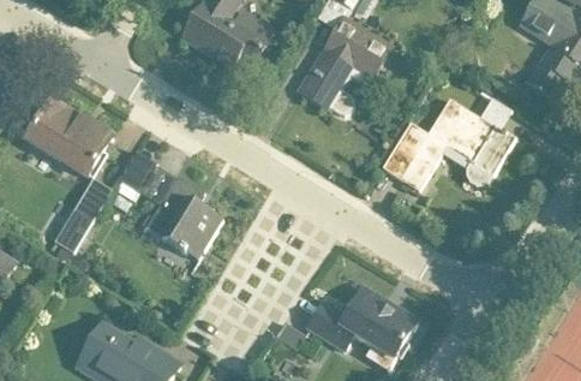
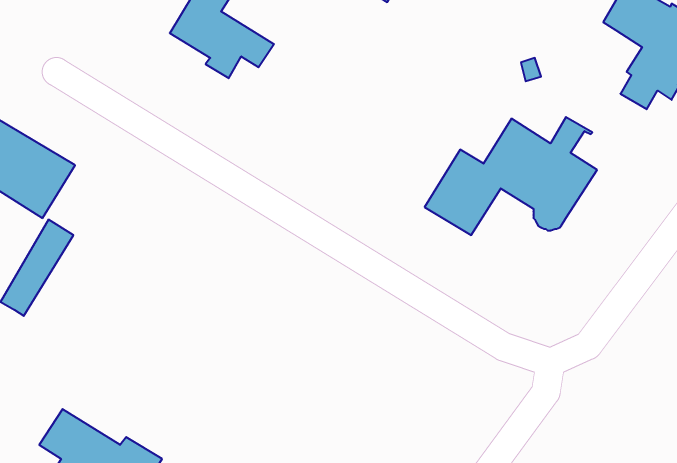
building: [299,18,389,113] -> none
building: [118,150,156,191] -> none
building: [151,174,222,258] -> none
building: [307,288,415,357] -> none

